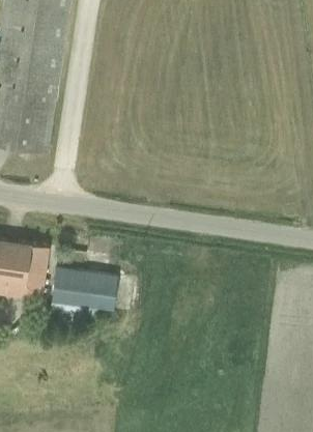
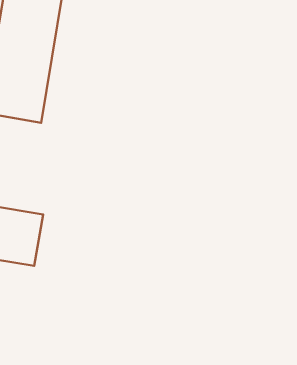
building: [52,266,119,325] -> none

